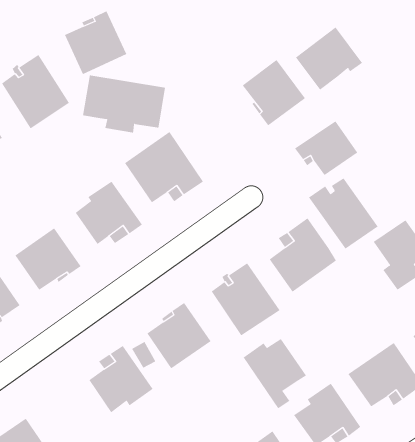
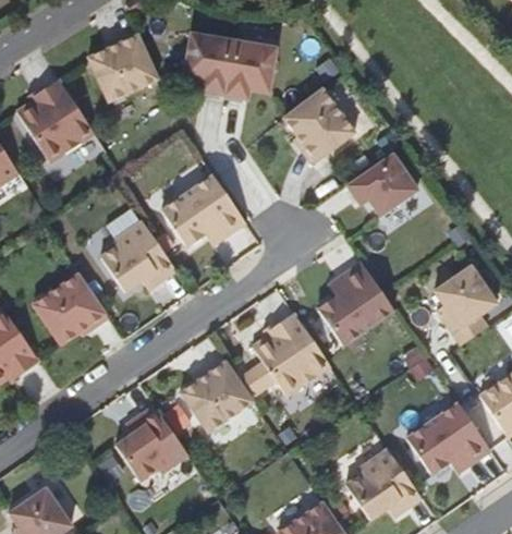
building: [295,27,363,90] -> none
building: [82,75,166,133] -> [182,33,276,98]
building: [308,178,379,250] -> none
building: [243,338,307,409] -> none

